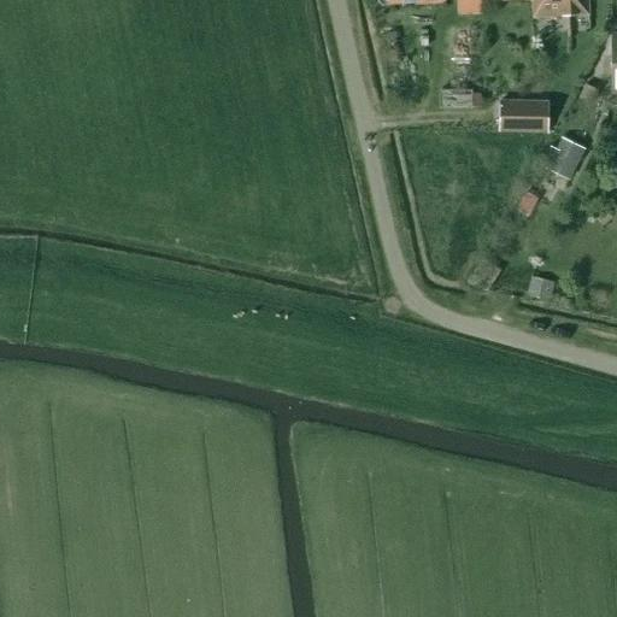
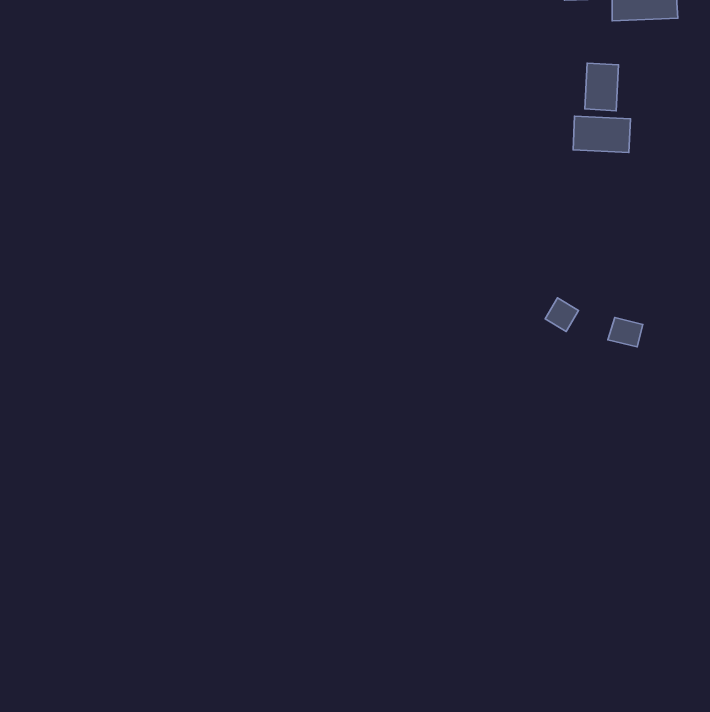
building: none -> [585,63,619,111]
building: [545,135,588,177] -> none

